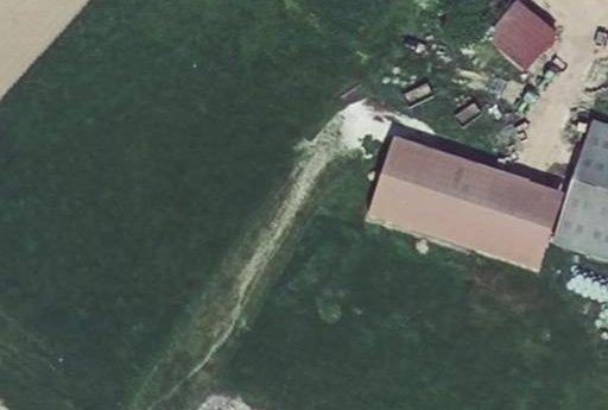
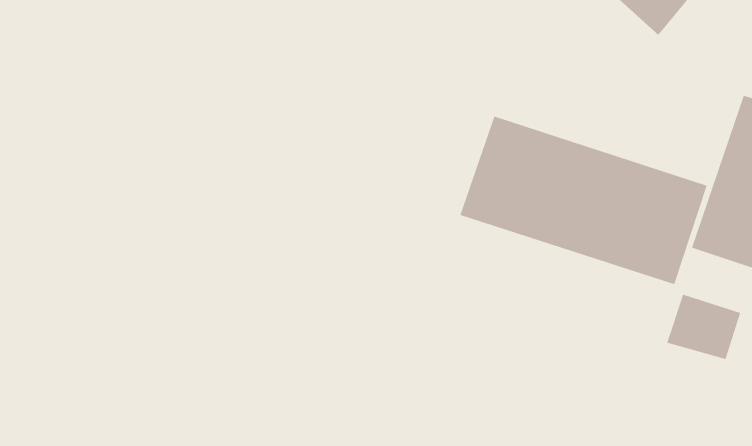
building: none -> [666,294,741,360]

